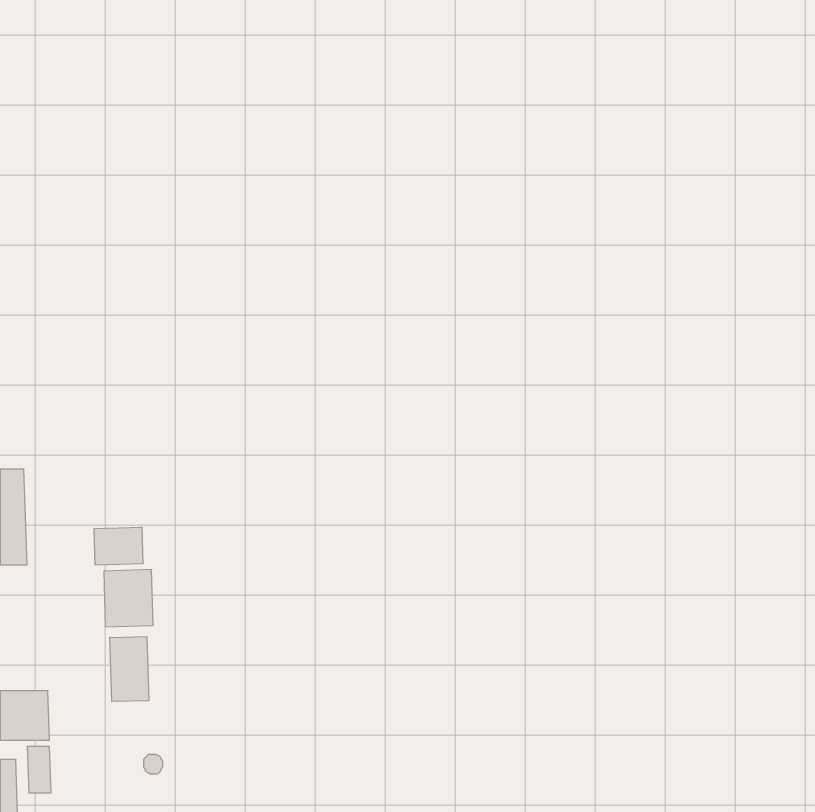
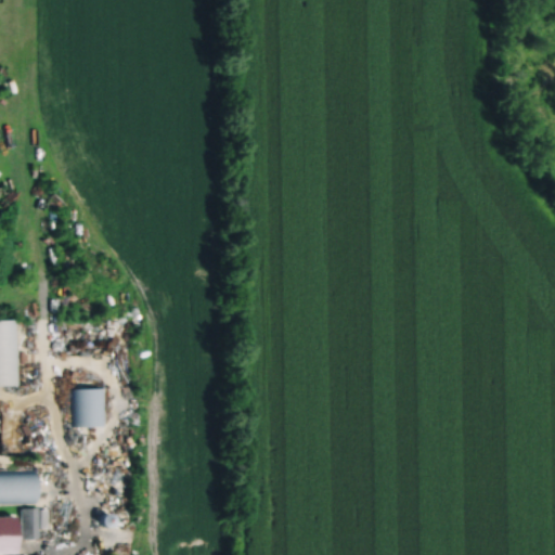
building: [94,527,143,565] -> none
building: [110,637,149,702] -> none

